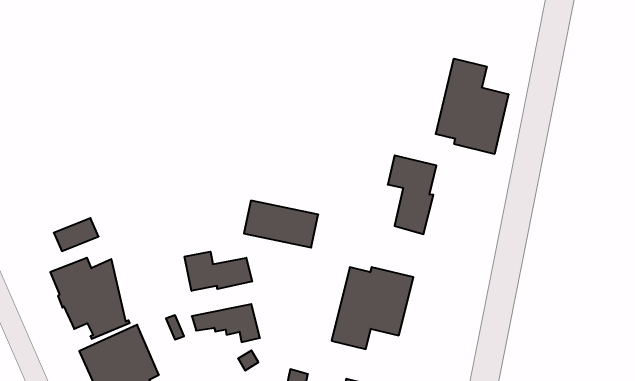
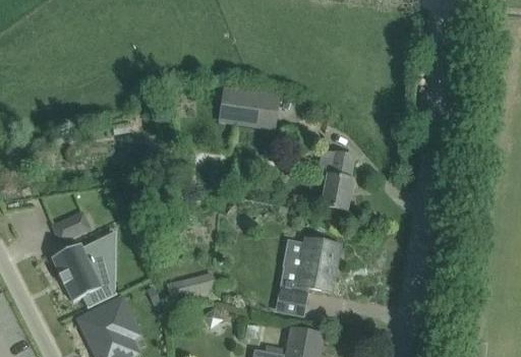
building: [436,59,508,154] -> none
building: [244,201,318,248] -> [221,86,279,121]
building: [185,252,252,291] -> none

